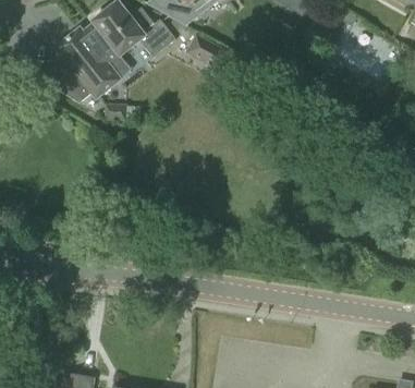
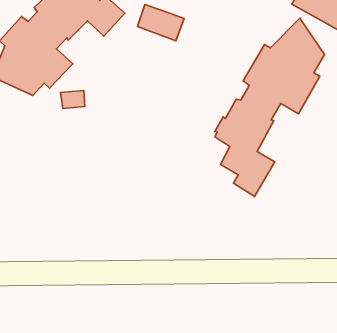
building: none -> [215,18,325,196]

